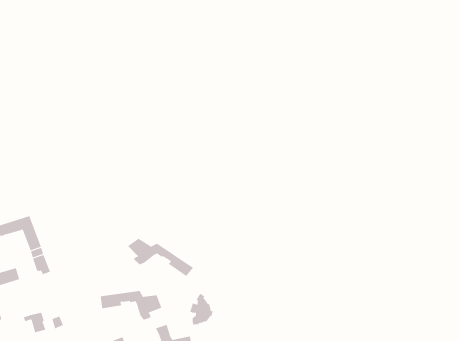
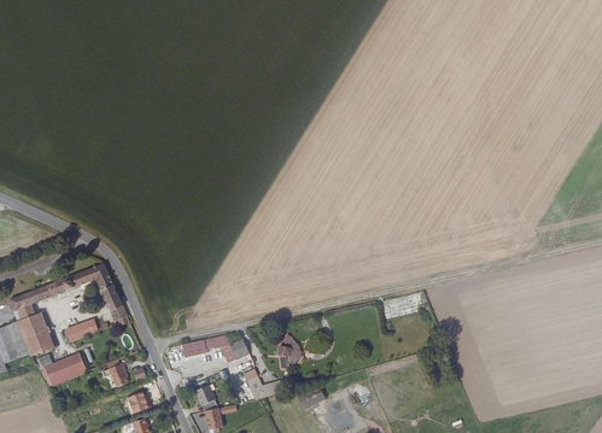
building: [127,238,194,277] -> none

